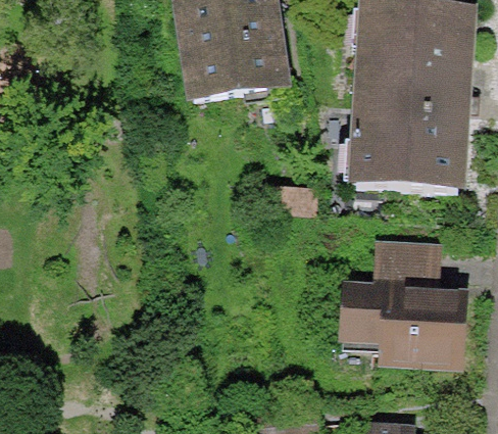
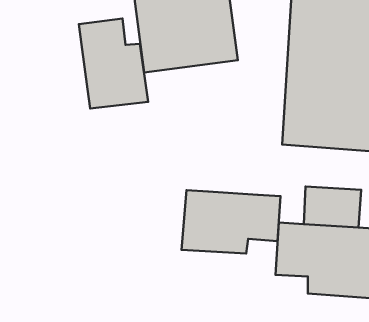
building: none -> [79,18,148,109]
building: none -> [181,190,281,254]

